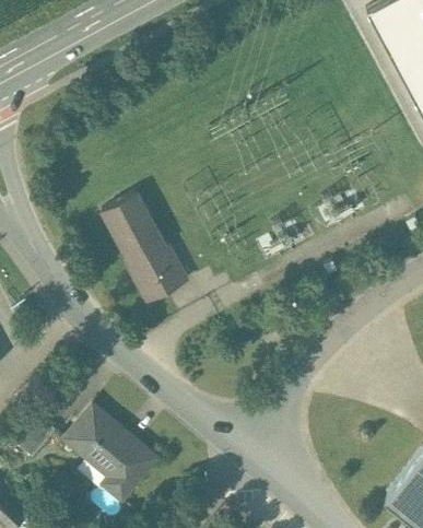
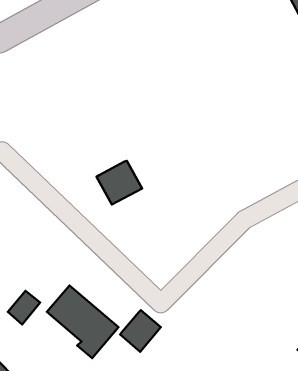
building: [104,196,166,267] -> none
building: none -> [120,310,161,352]

